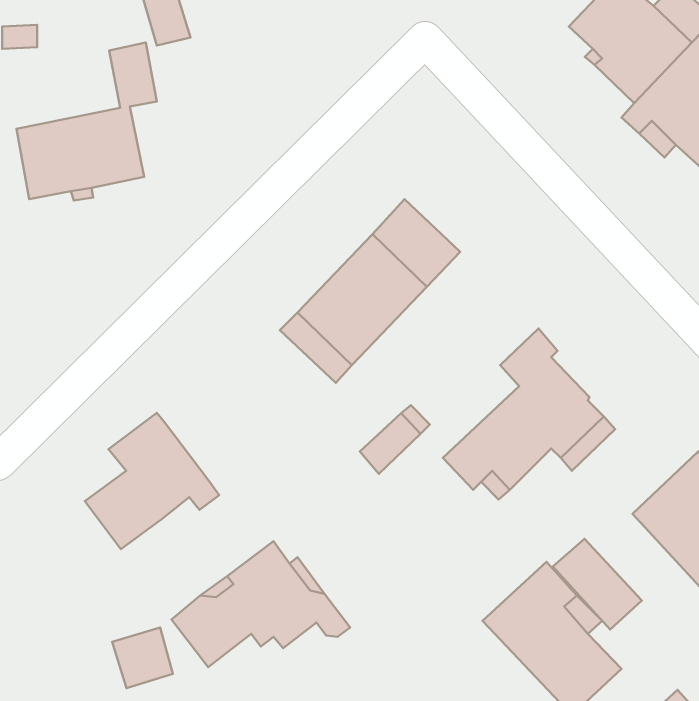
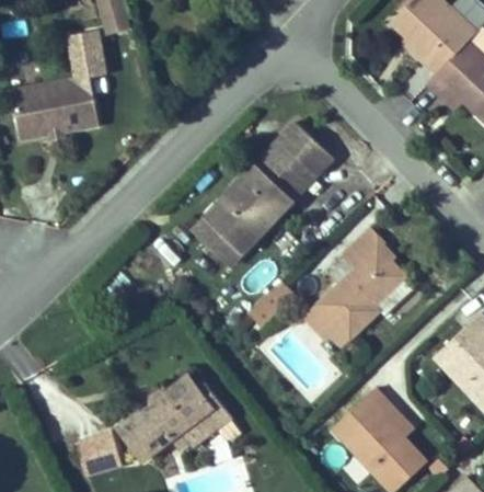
building: none -> [278,122,333,175]
building: [85,413,219,549] -> none
building: [553,539,642,630] -> none

